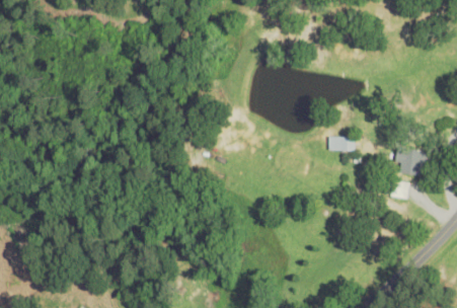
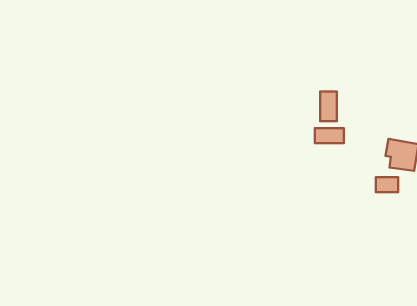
building: none -> [320,91,337,121]

